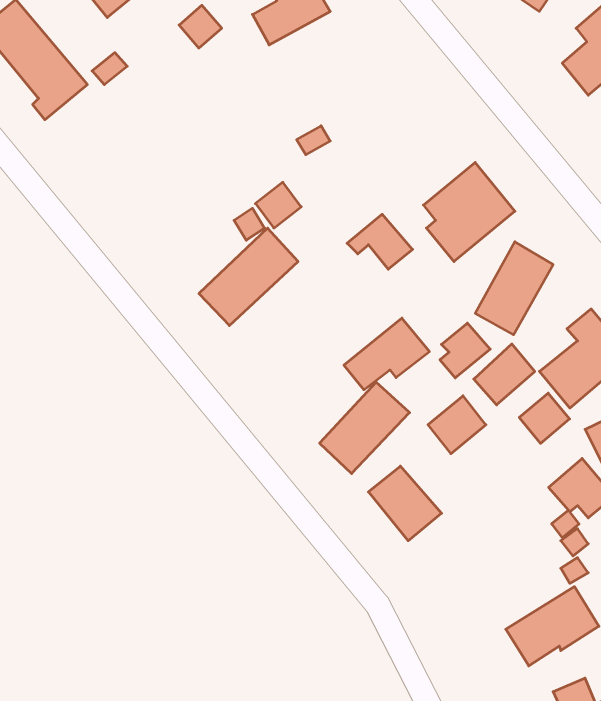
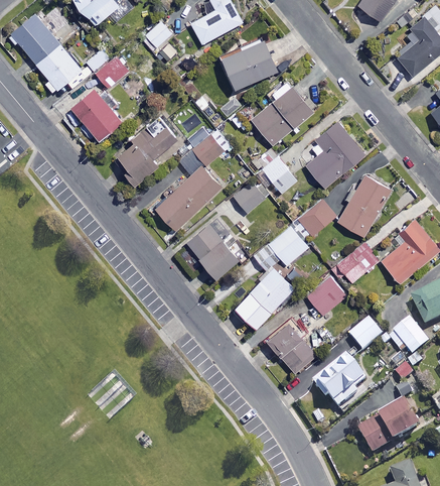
building: none -> [223,36,280,89]
building: none -> [97,54,129,86]
building: none -> [252,86,314,144]
building: none -> [72,89,122,141]
building: none -> [116,125,180,185]
building: none -> [234,181,264,212]
building: none -> [188,224,240,277]
building: [440,323,490,378] -> [303,197,336,233]
building: [519,393,570,443] -> [348,318,382,351]
building: none -> [312,354,365,407]

